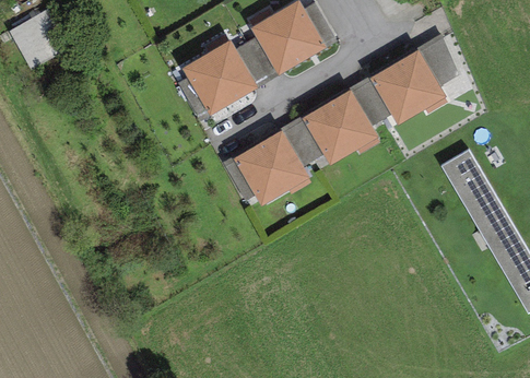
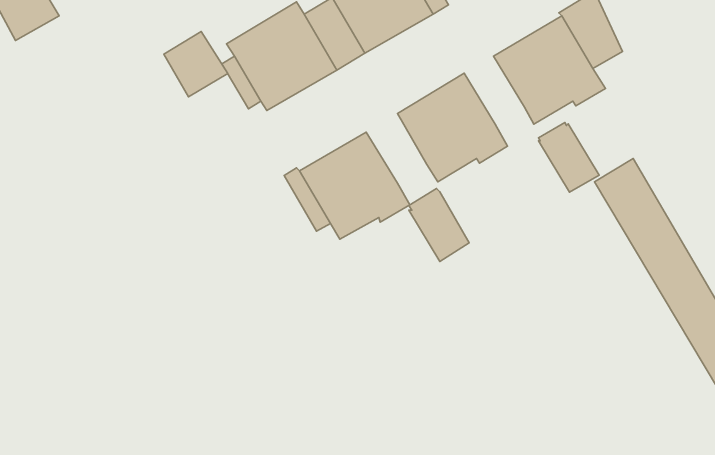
building: none -> [164,32,228,97]
building: [349,75,391,125] -> [539,122,599,192]
building: [280,115,322,166] -> [409,189,469,261]

